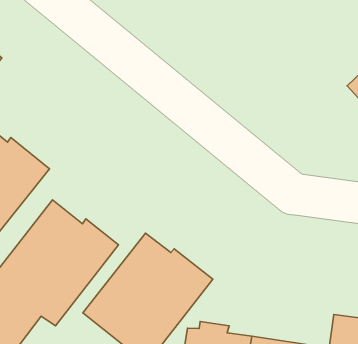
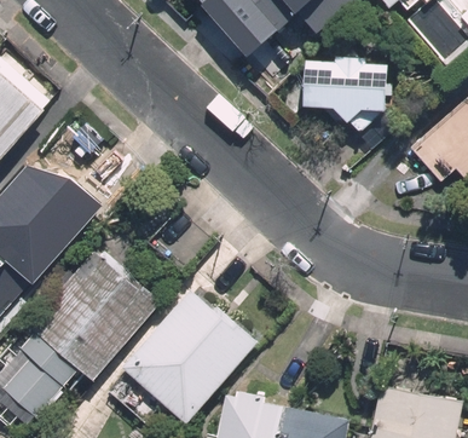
building: none -> [301,63,386,133]

